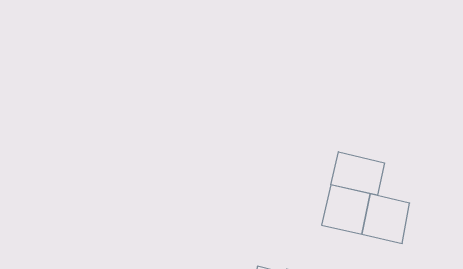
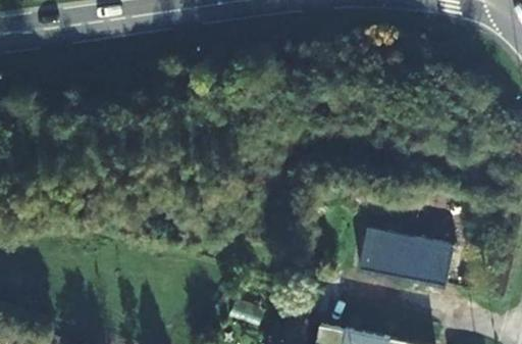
building: [331,152,384,195] -> none

